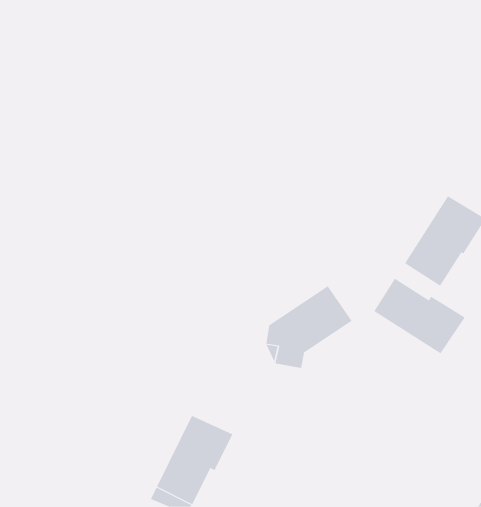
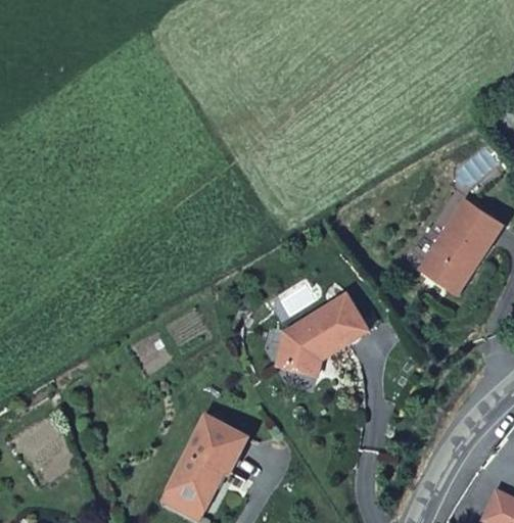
building: [373,278,465,354] -> none

